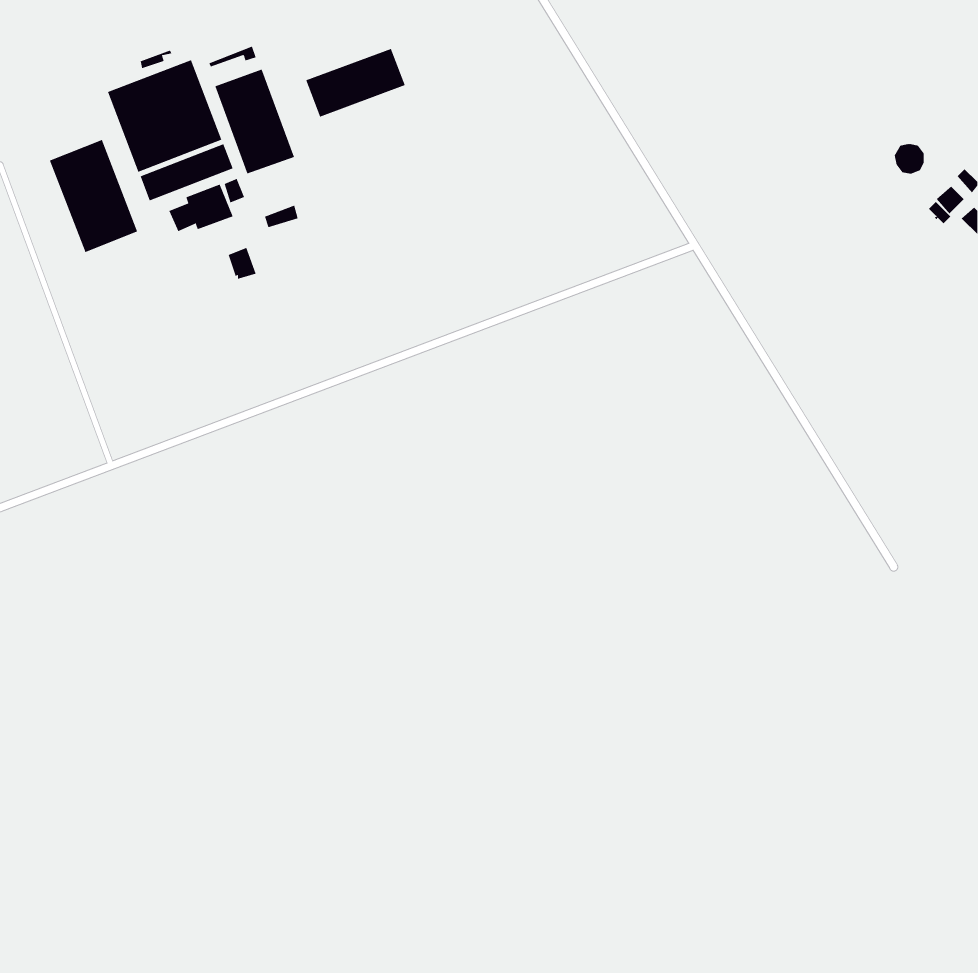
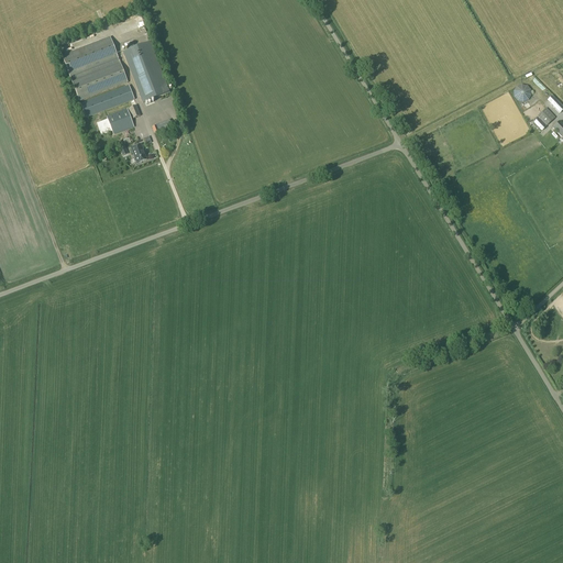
building: [305,48,406,117] -> none
building: [49,139,138,253] -> none

